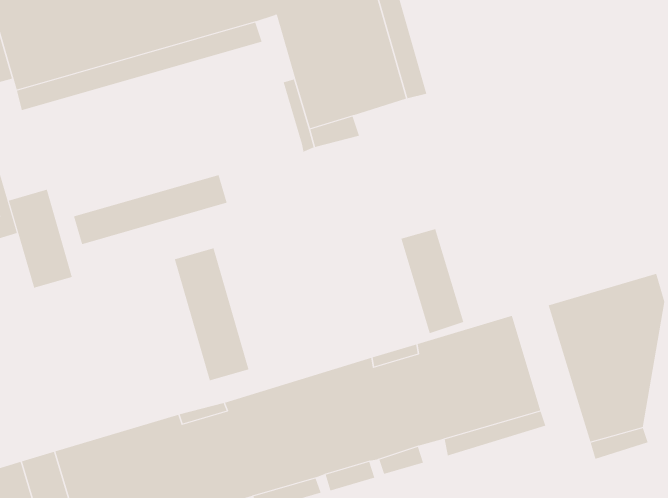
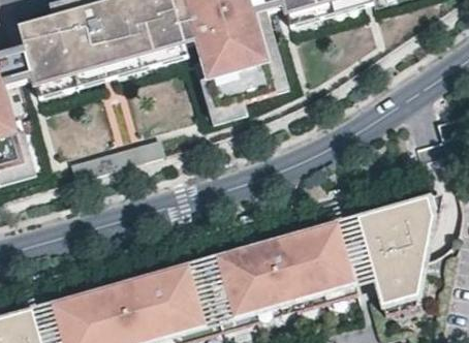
building: [8,189,73,289] -> none
building: [401,228,464,334] -> [337,213,376,278]
building: [174,248,249,381] -> none

